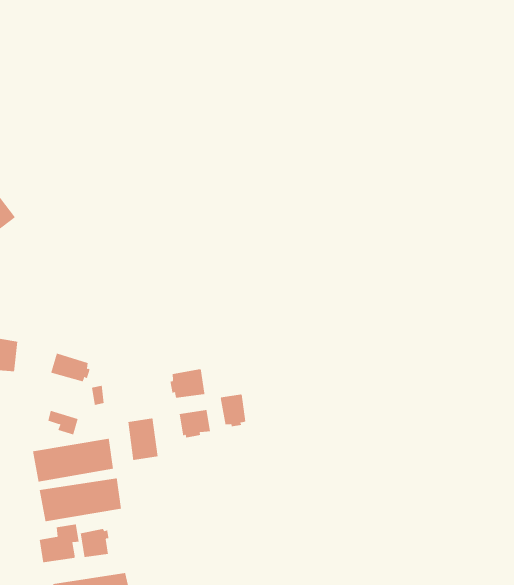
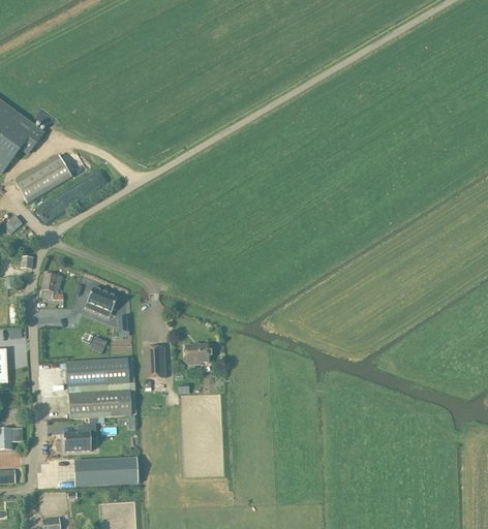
building: [170,368,205,400] -> none
building: [220,394,247,427] -> none
building: [80,528,109,558] -> none

